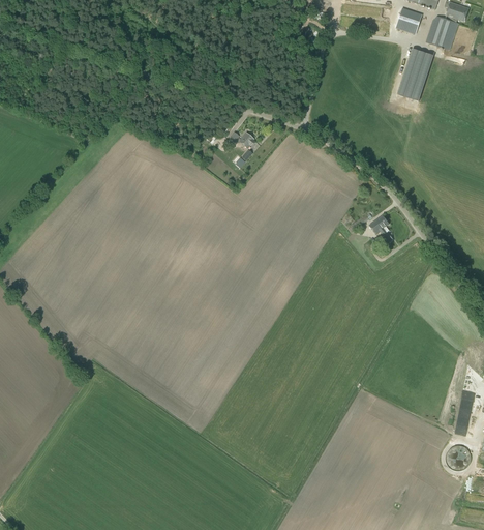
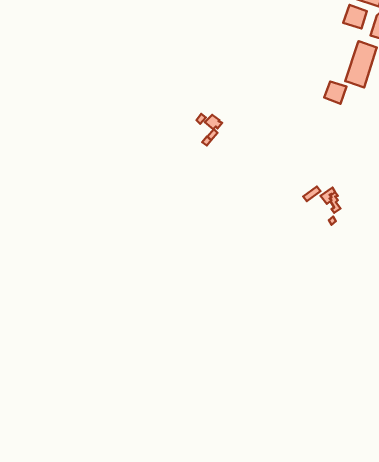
building: none -> [324,81,346,104]

